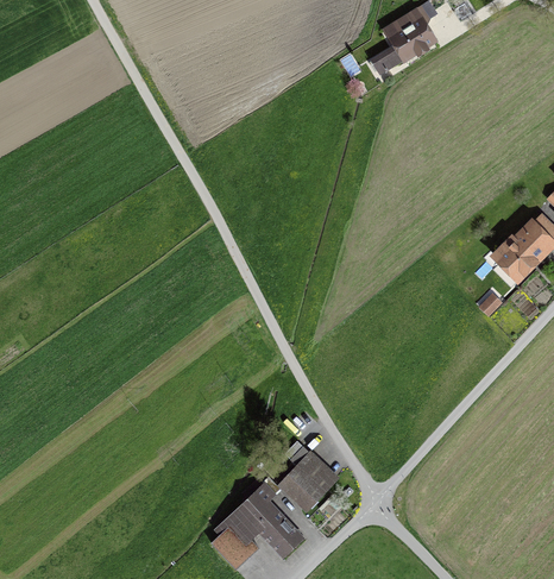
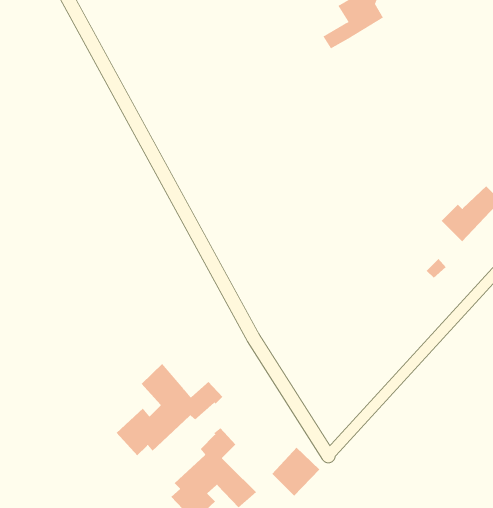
building: none -> [116,363,223,456]
building: [284,451,335,503] -> [271,447,320,497]

